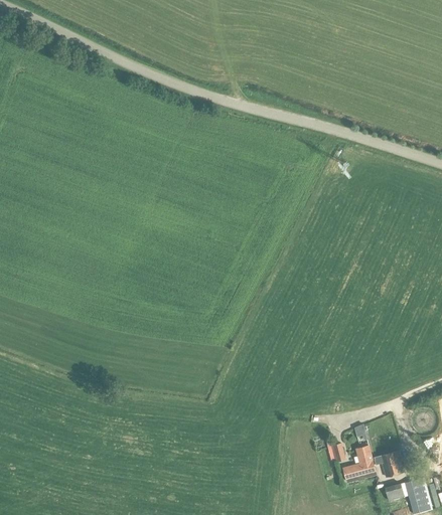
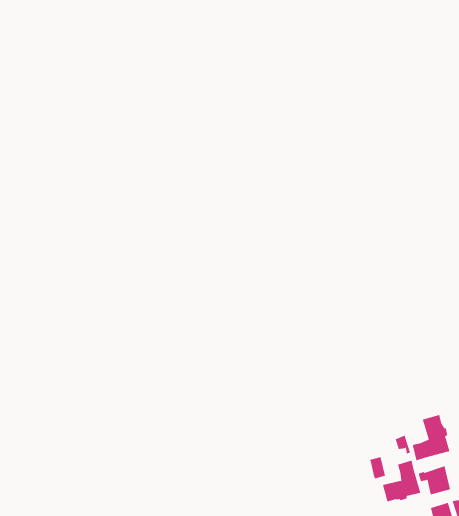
building: none -> [412,414,450,461]

